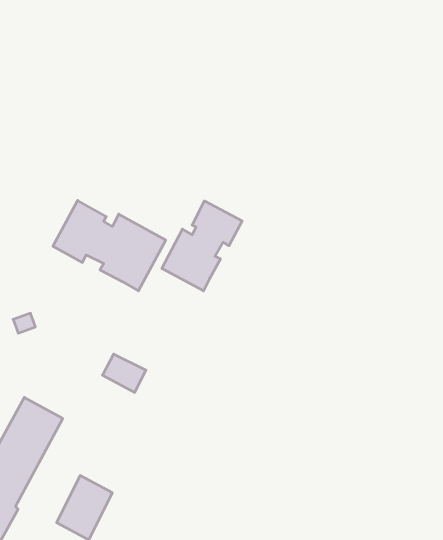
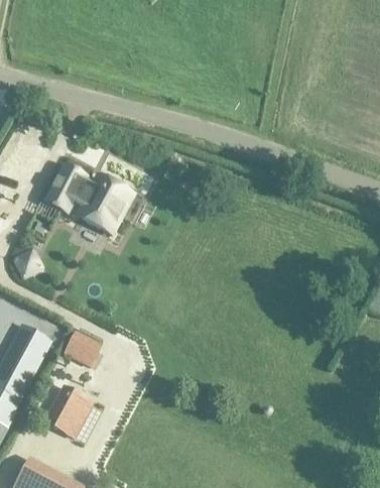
building: [162,201,242,291] -> none
building: [102,354,146,392] -> [66,334,101,365]

